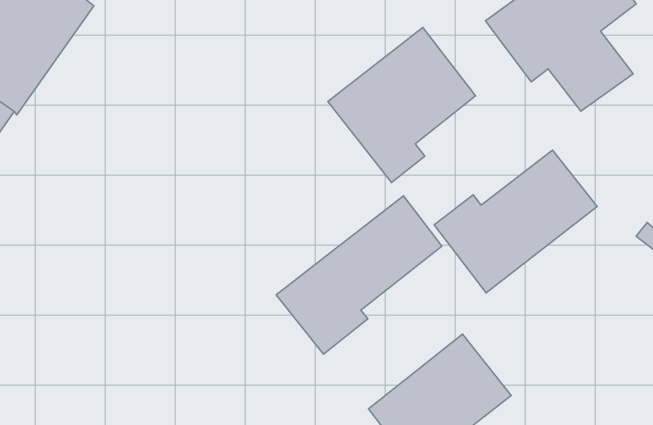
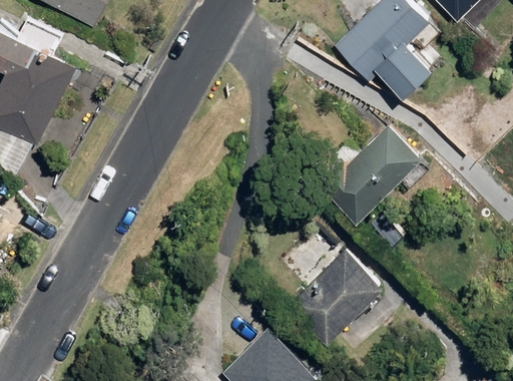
building: [328,28,475,182] -> none
building: [276,196,442,354] -> none

